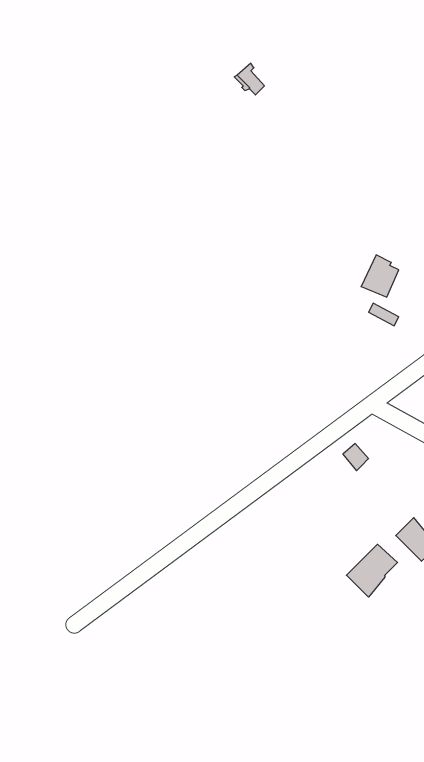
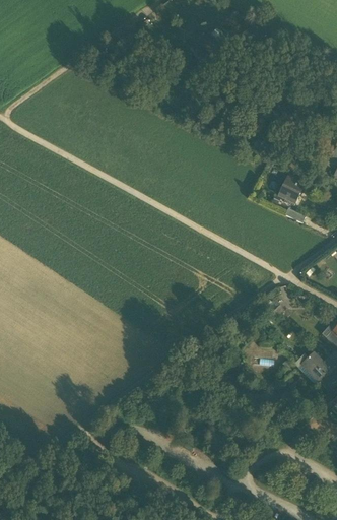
building: [346,544,398,597] -> none

